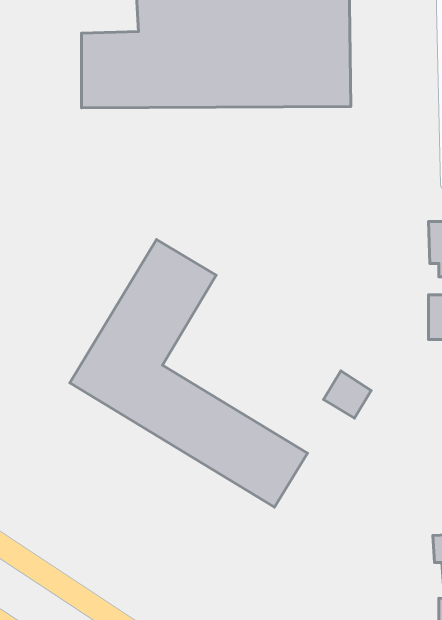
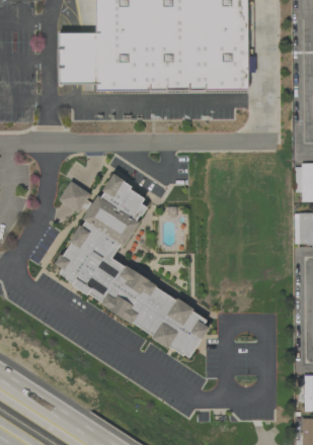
building: none -> [59,181,90,211]
building: [324,371,371,418] -> none

